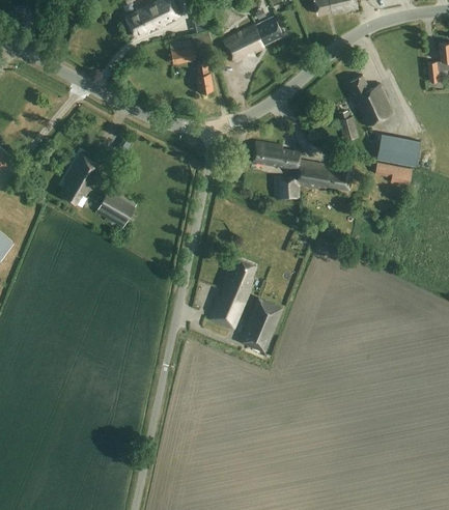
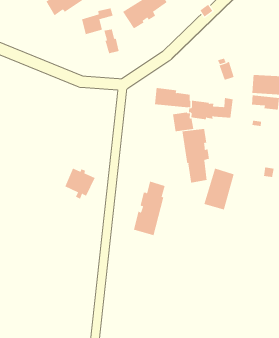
building: [347,74,391,124] -> none
building: [57,153,103,205] -> none
building: [96,189,137,230] -> [64,168,95,200]
building: none -> [182,128,209,183]
building: [238,298,282,352] -> [203,168,235,210]

